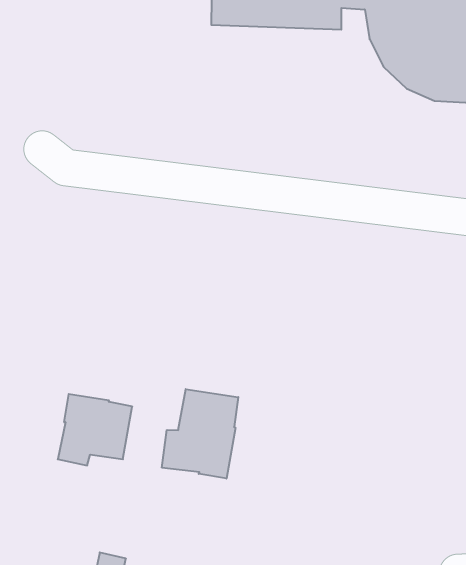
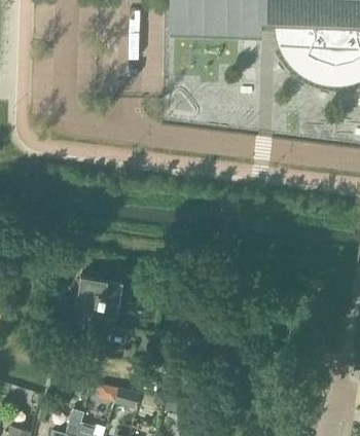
building: [162,389,238,479] -> none

